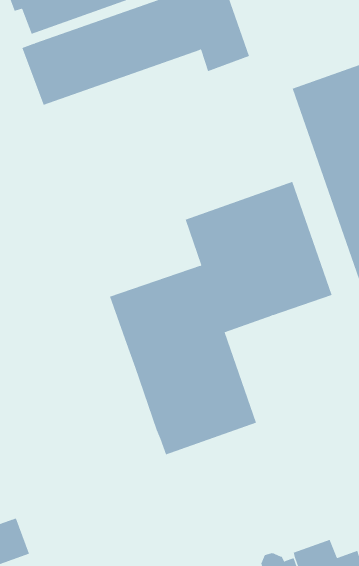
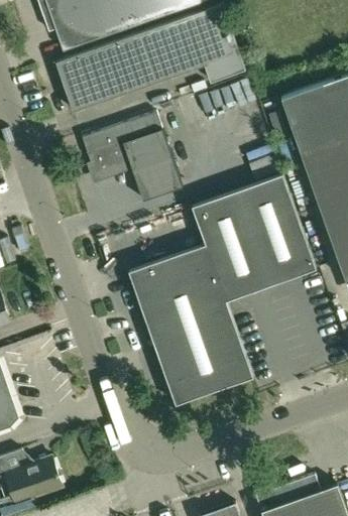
building: none -> [81,113,182,202]

